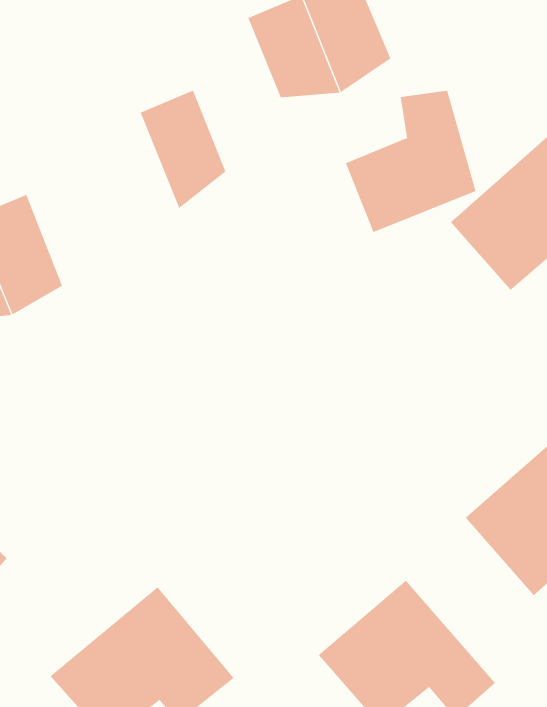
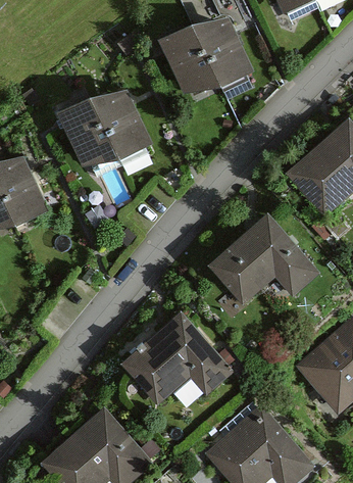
building: [345,90,476,233] -> none
building: none -> [59,106,117,171]
building: none -> [210,215,321,305]
building: none -> [119,305,230,398]

